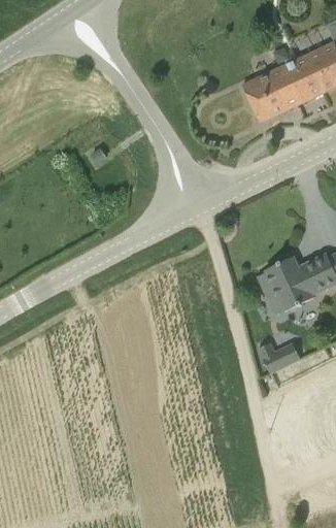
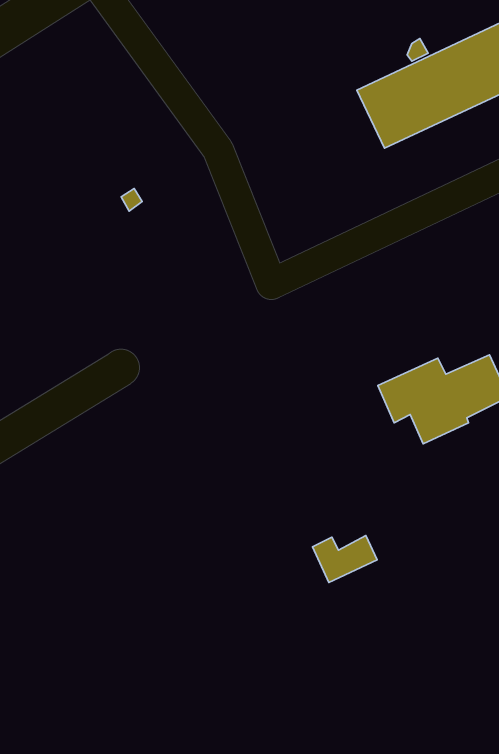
building: [259,340,300,370] -> [313,536,377,582]

